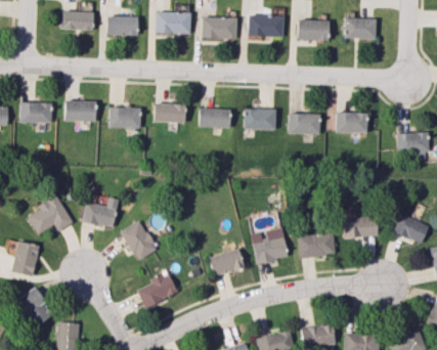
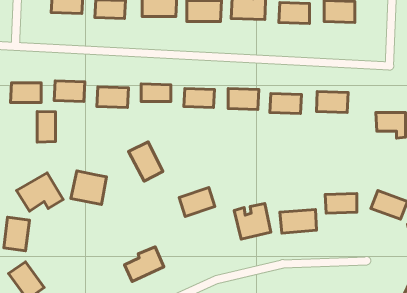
building: none -> [37,112,55,142]
building: [121,220,157,261] -> [128,142,163,181]
building: [209,248,246,277] -> [179,188,215,216]

